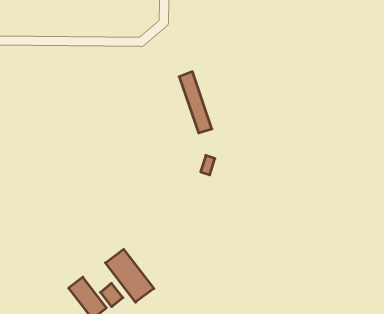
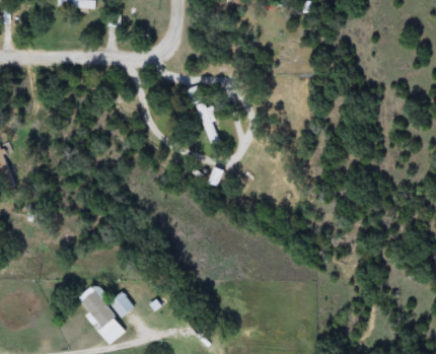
building: [105,249,154,302] -> none

